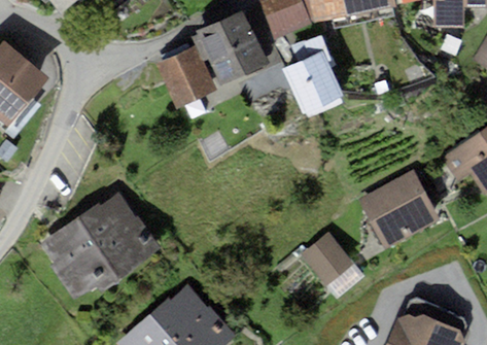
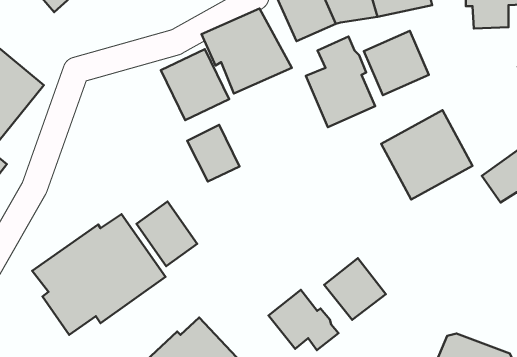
building: none -> [364,31,429,95]
building: none -> [187,125,239,182]
building: [358,170,440,249] -> [381,110,473,200]
building: none -> [137,202,197,266]
building: none -> [269,290,338,350]

